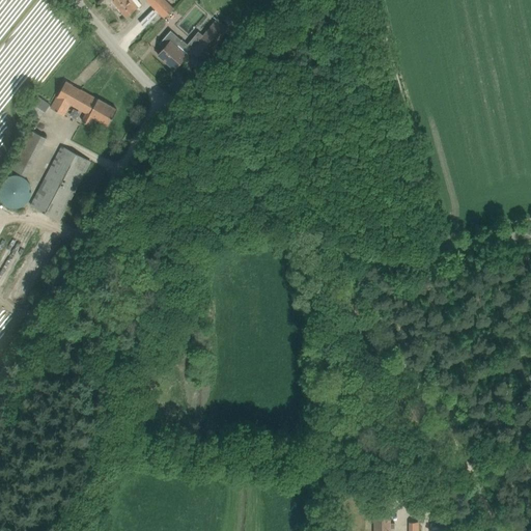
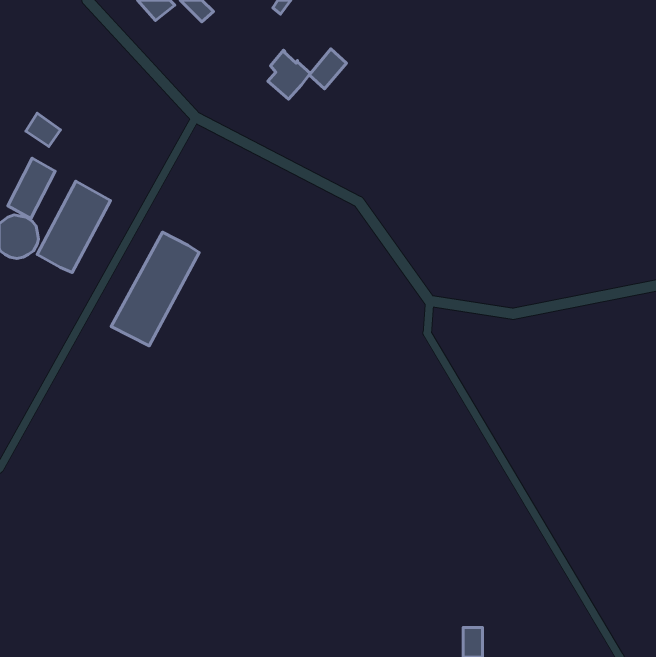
building: [157,29,220,69] -> [268,49,346,99]
building: [50,81,116,125] -> none
building: none -> [111,232,199,346]

